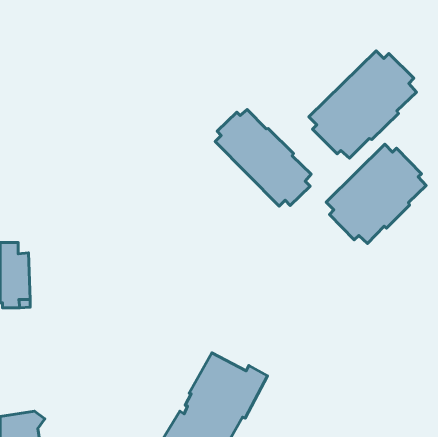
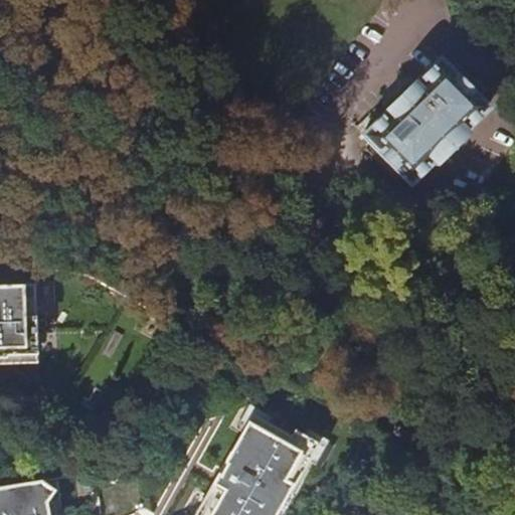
building: [215,109,311,206] -> none
building: [326,144,426,243] -> none

